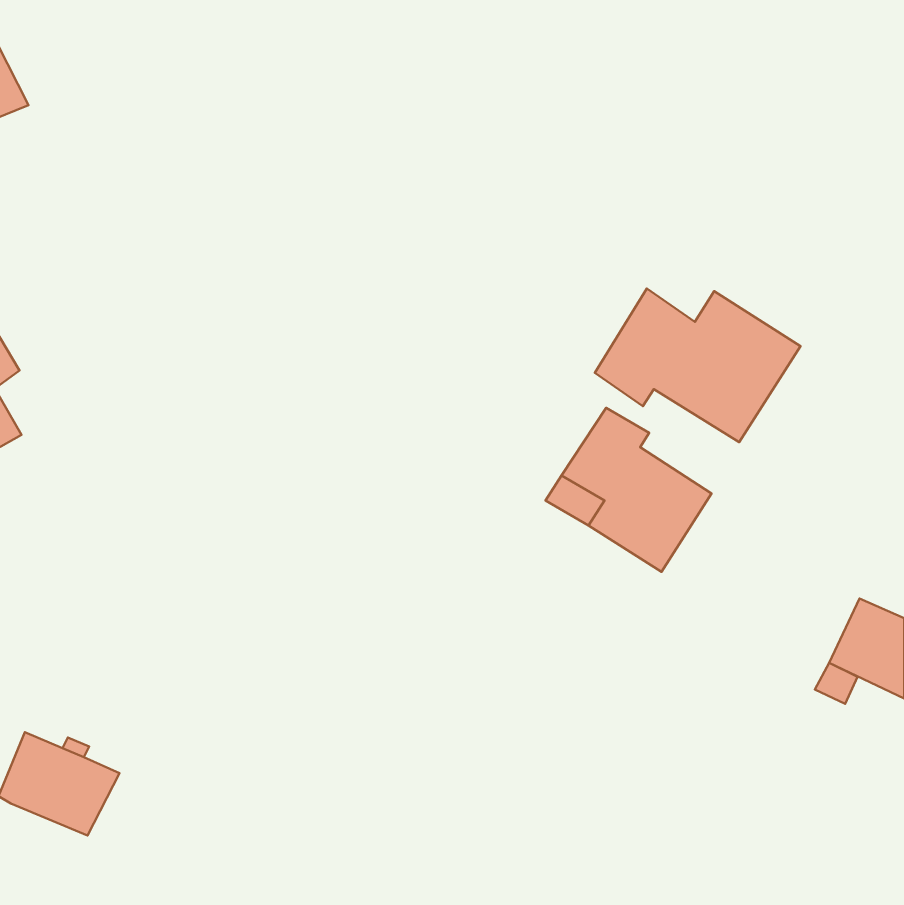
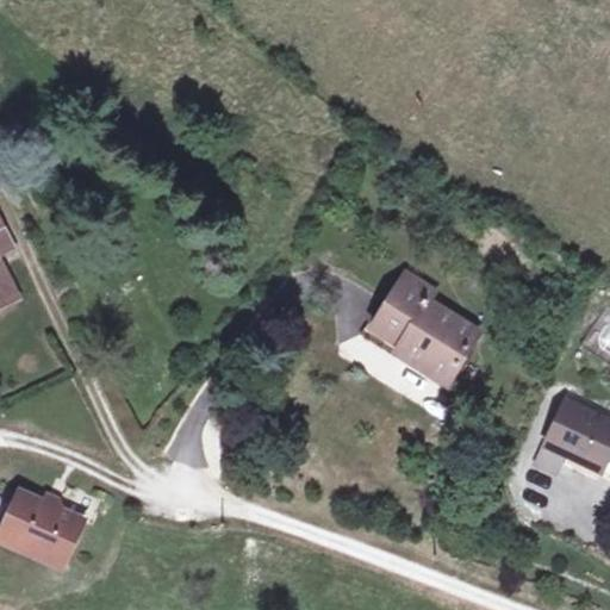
building: [595,288,800,442] -> none

